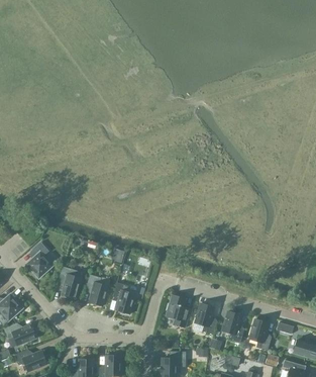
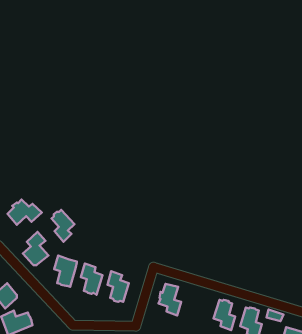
building: none -> [8,199,42,225]
building: none -> [52,210,74,242]
building: [195,303,217,335] -> none

